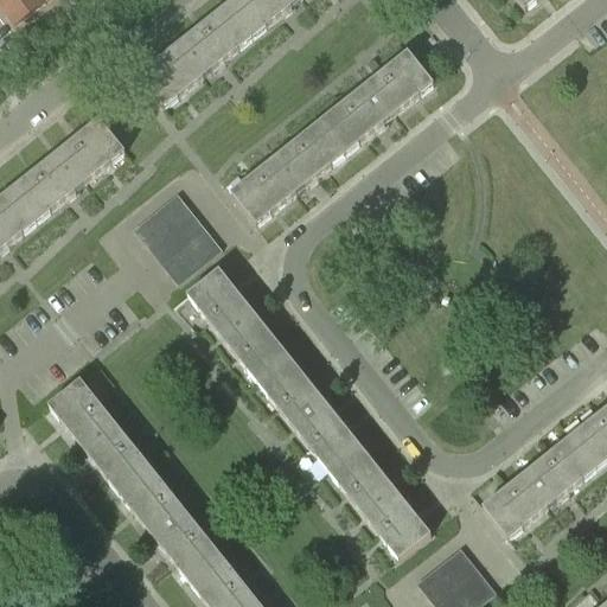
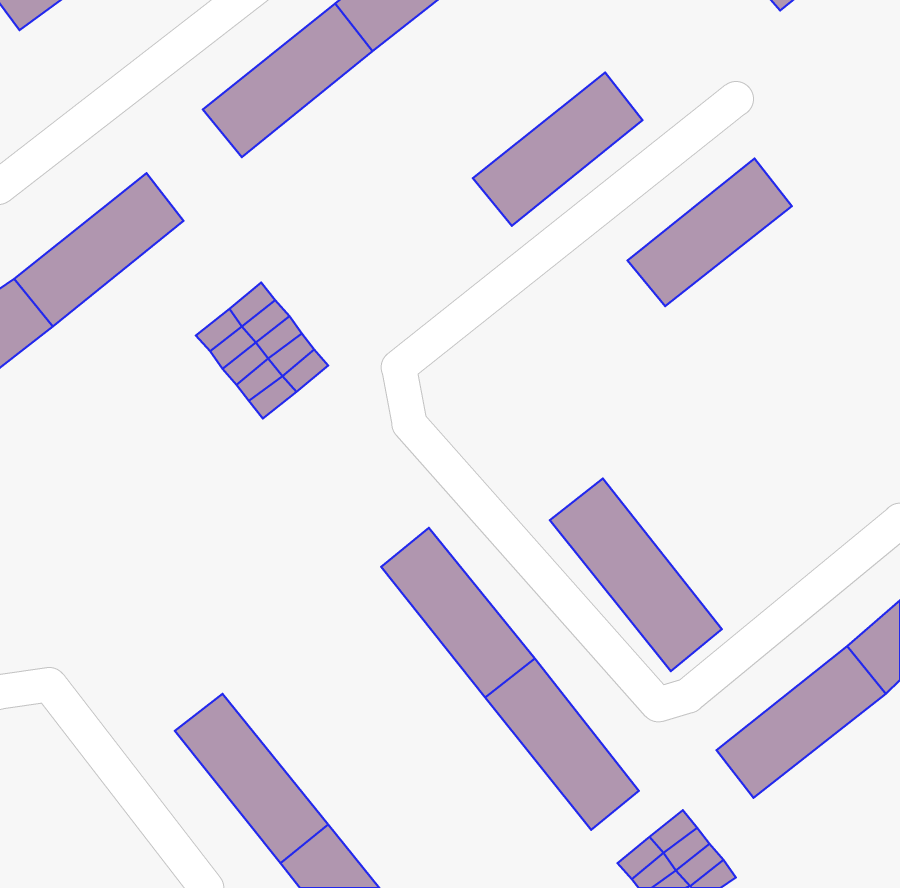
building: none -> [627,159,792,306]
building: [230,120,344,222] -> none
building: [186,267,288,381] -> none
building: none -> [550,479,722,671]
building: [47,377,149,491] -> none

